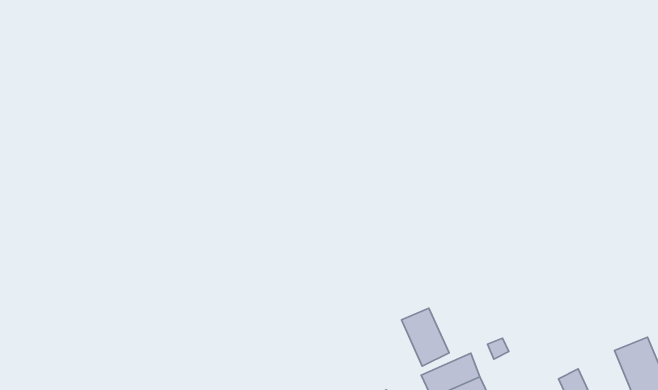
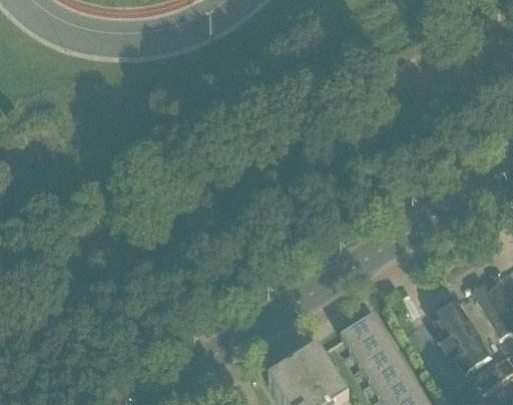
building: [401,308,449,366] -> none

